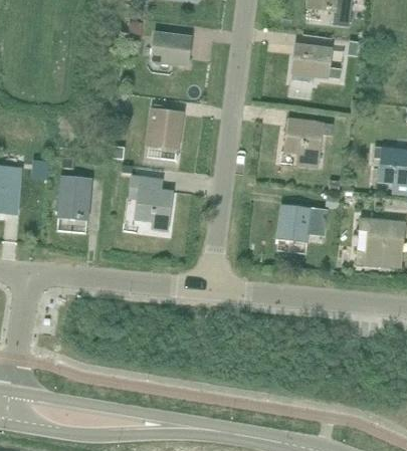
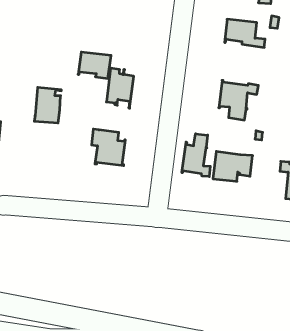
building: [151,33,191,65] -> [78,52,111,78]
building: [57,176,90,219] -> [34,87,61,123]
building: none -> [182,134,210,177]

